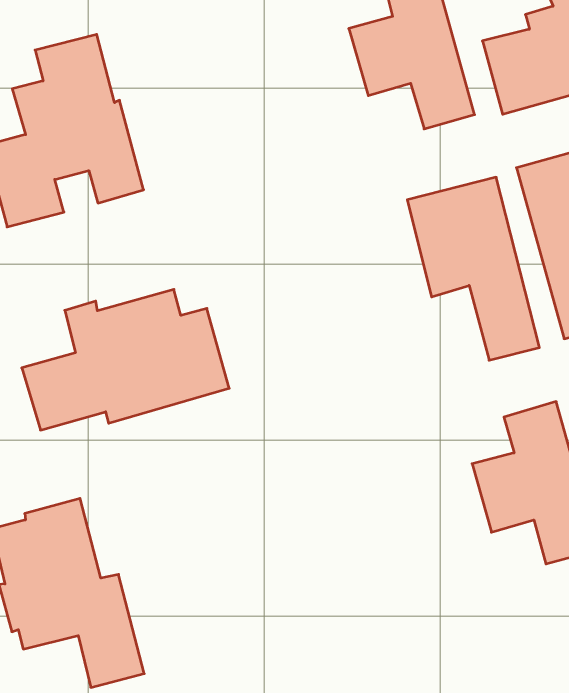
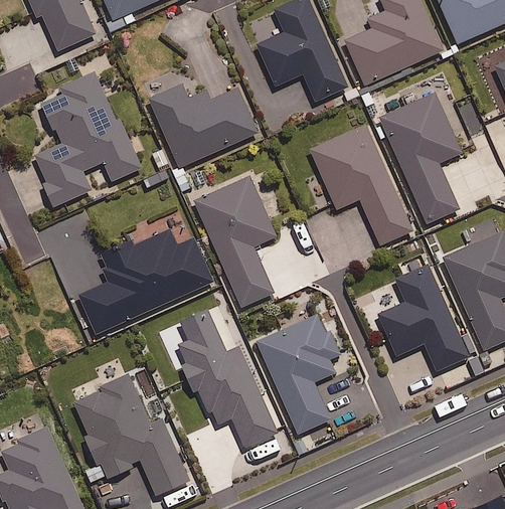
building: none -> [149,82,258,167]
building: none -> [194,176,276,307]
building: none -> [177,311,279,448]
building: none -> [258,315,341,434]

